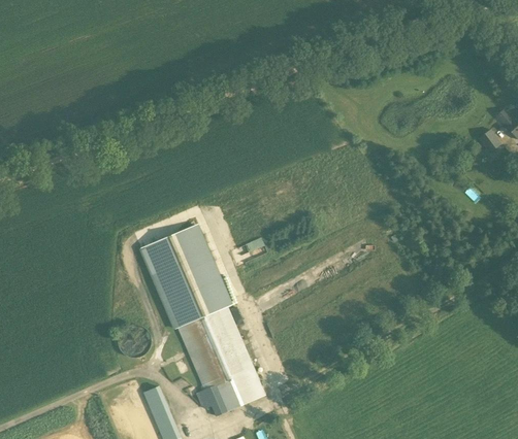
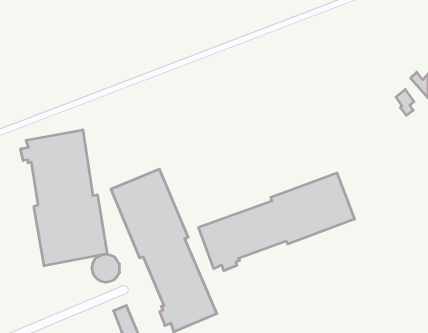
building: none -> [21,130,107,266]
building: none -> [199,173,355,271]

